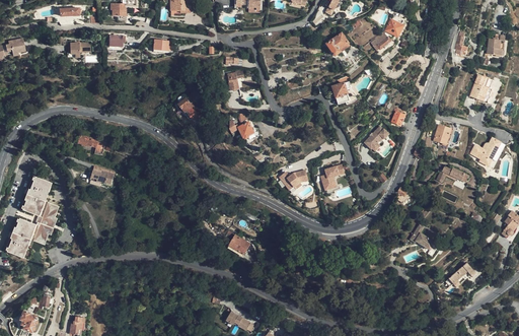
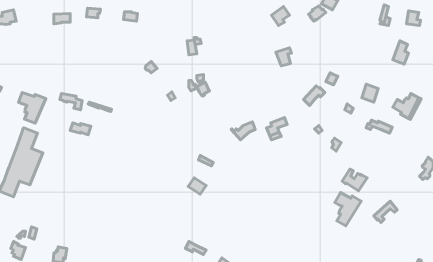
building: none -> [19,93,46,123]
building: none -> [335,193,361,226]

